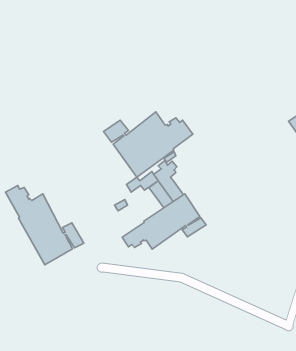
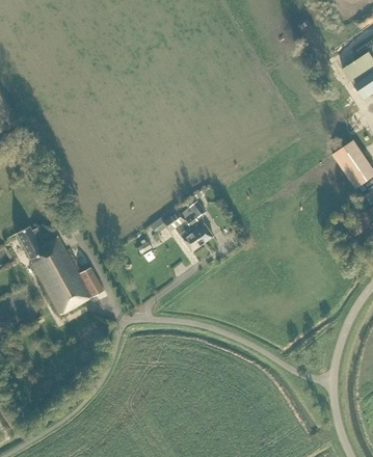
building: [103,112,193,177] -> none
building: [122,194,206,249] -> none

